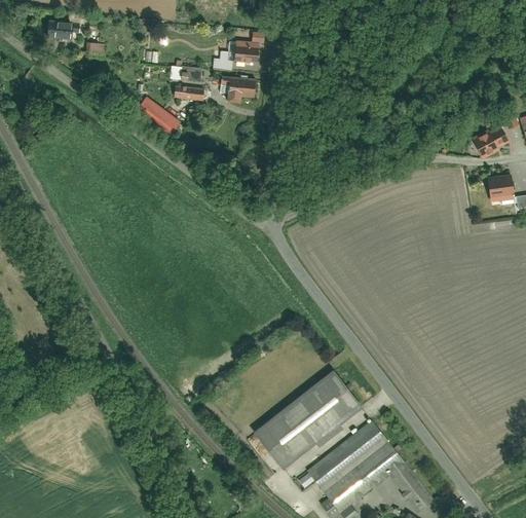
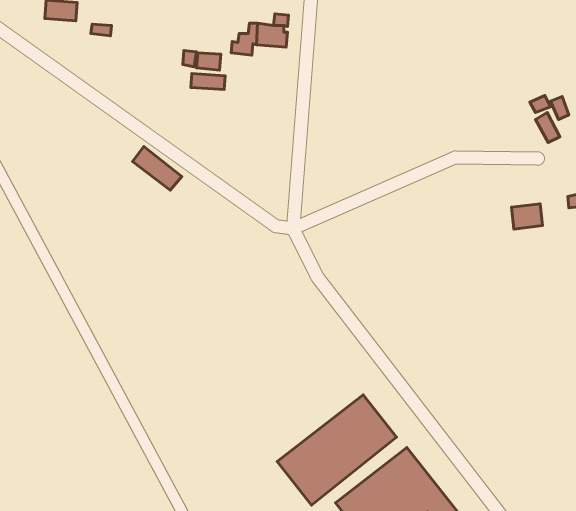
building: [220,76,259,103] -> none
building: [139,97,183,136] -> [132,147,182,190]
building: [468,127,497,157] -> none
building: [485,174,513,196] -> [511,204,542,229]

